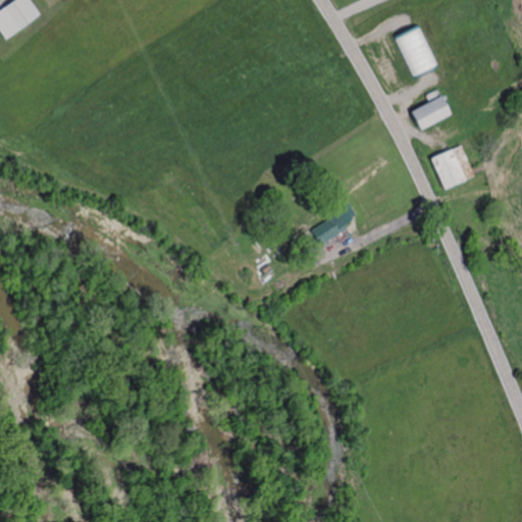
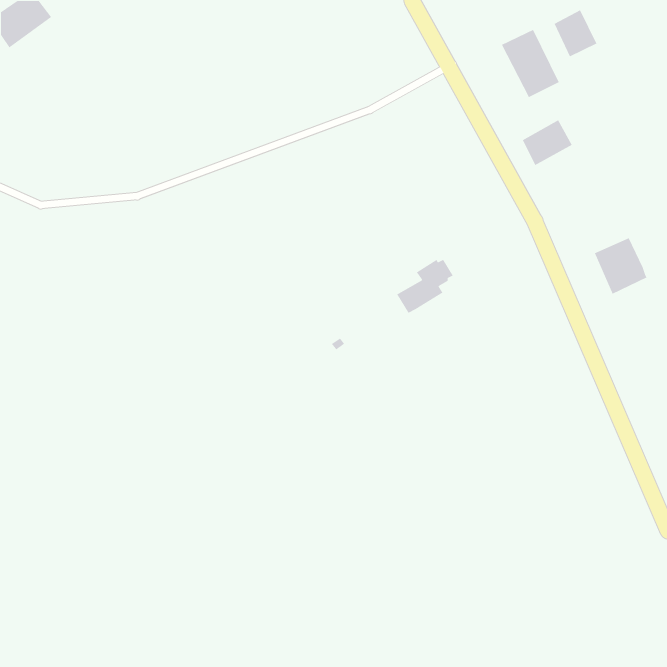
building: none -> [554,9,597,57]
building: [431,146,473,191] -> [594,237,647,295]

